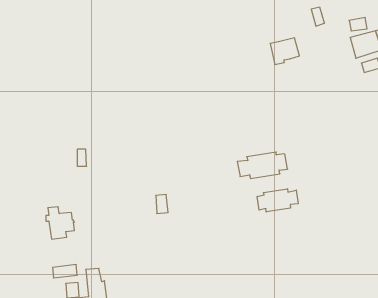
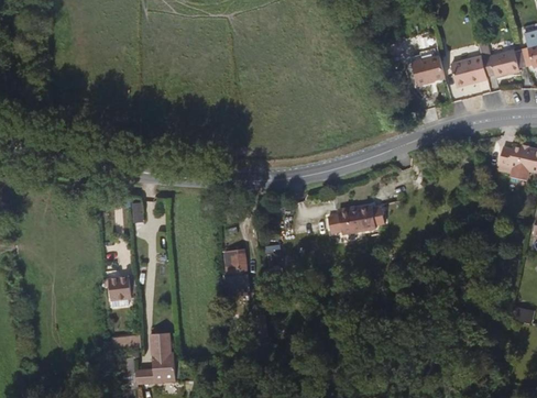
building: [270,38,299,64] -> [415,55,449,86]
building: [257,189,298,212] -> none

